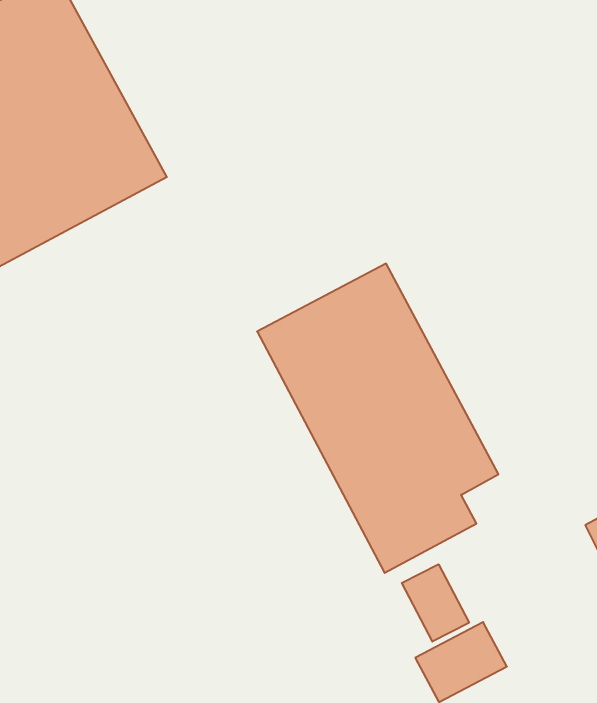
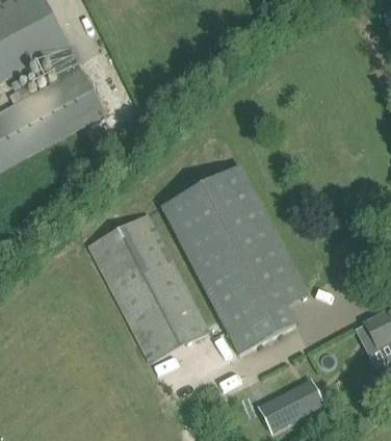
building: none -> [86,213,210,363]
building: [402,564,469,642] -> none

